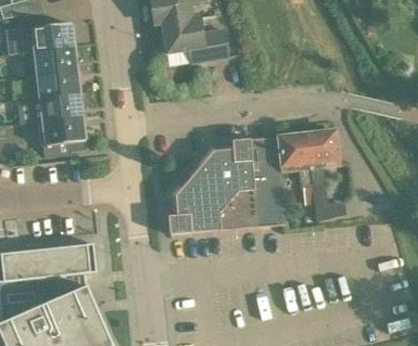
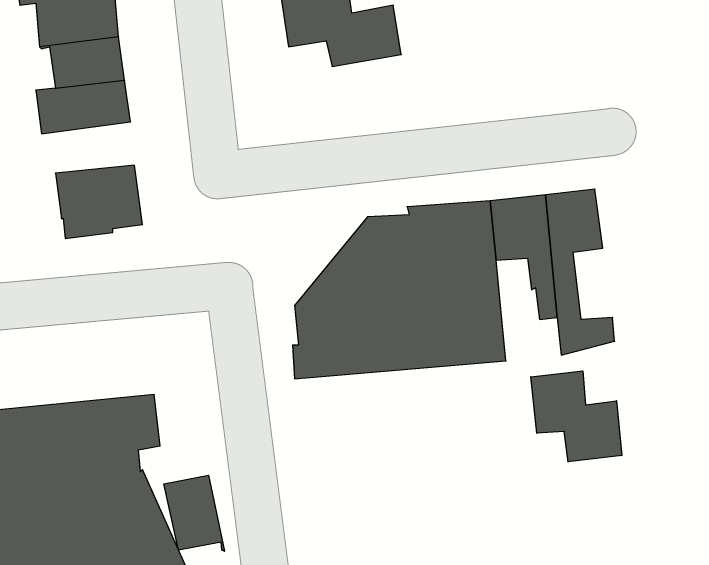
building: [29,93,80,123] -> none
building: none -> [531,371,622,462]
building: none -> [164,475,224,551]

